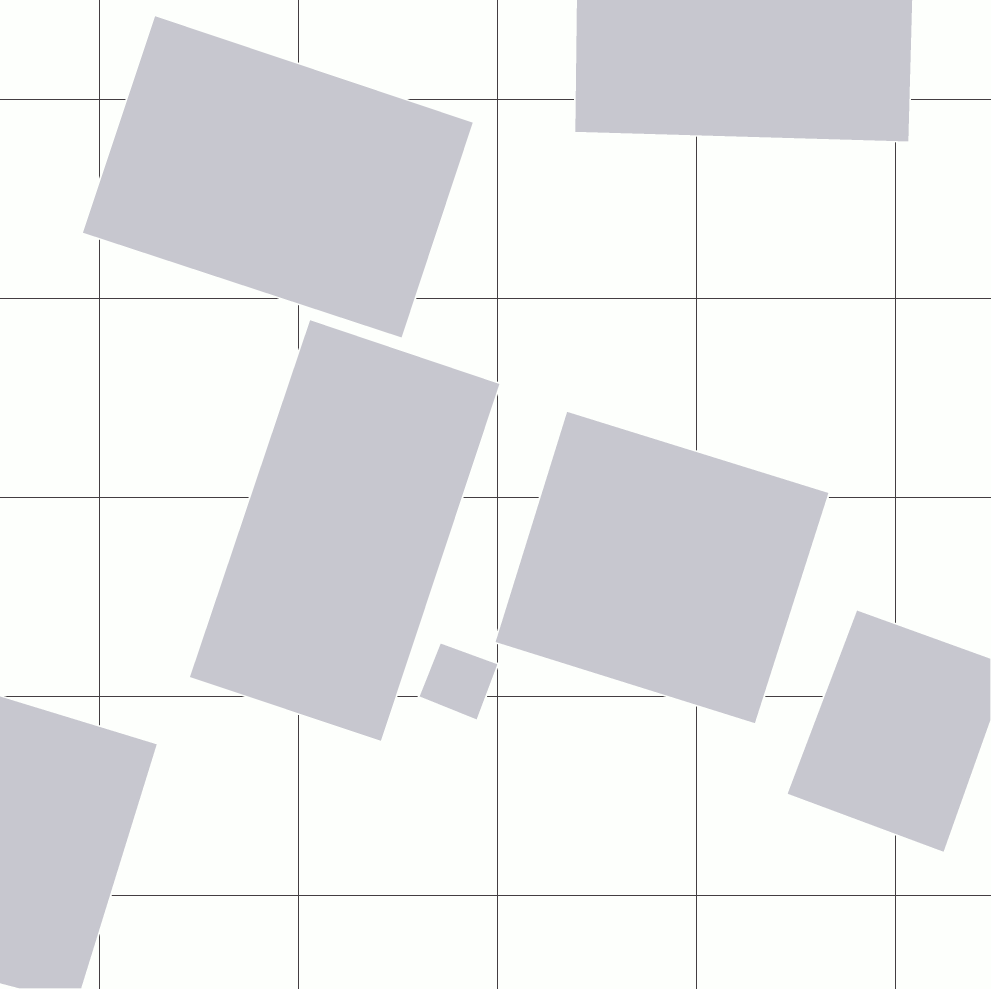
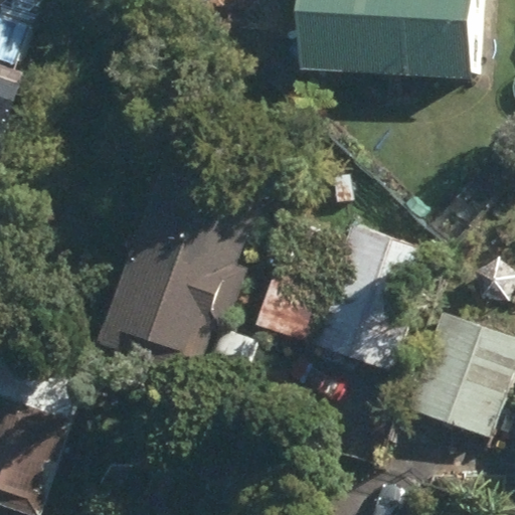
building: [82,15,474,339] -> none

